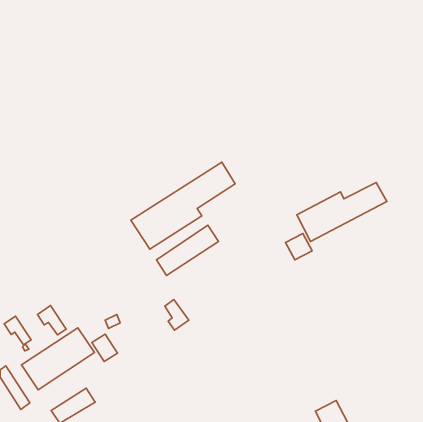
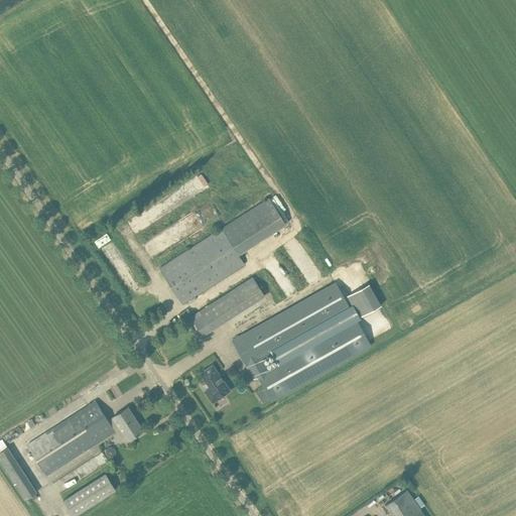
building: [297,182,387,242] -> none
building: none -> [232,283,370,401]
building: [37,305,66,335] -> none
building: [4,316,31,345] -> none

